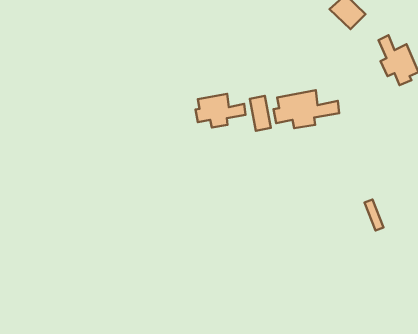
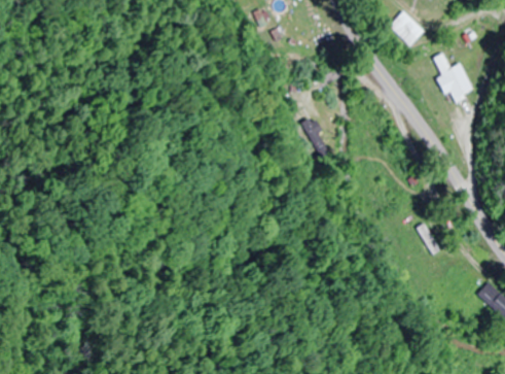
building: [273,90,339,128] -> none
building: [195,94,246,127] -> none

